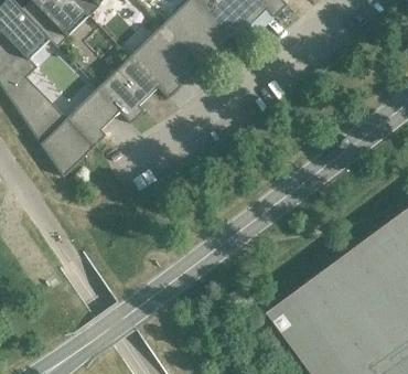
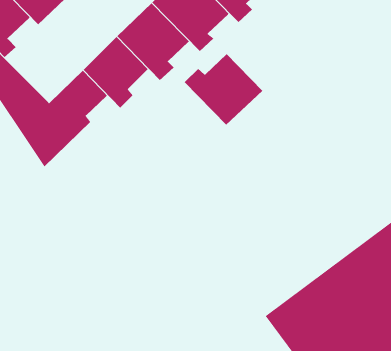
building: none -> [184,40,263,126]

